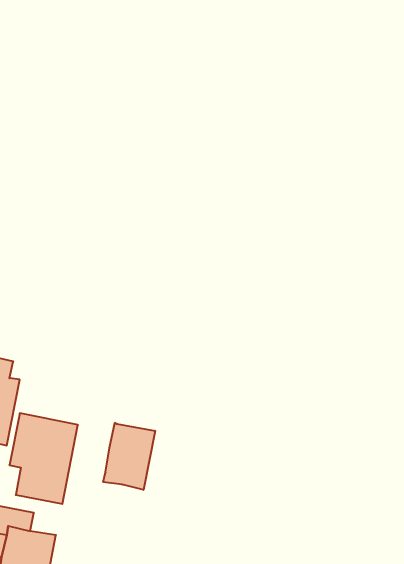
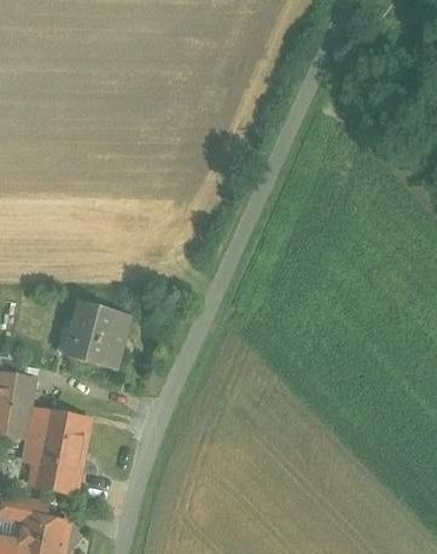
building: none -> [66,302,128,367]
building: [103,423,155,490] -> none

